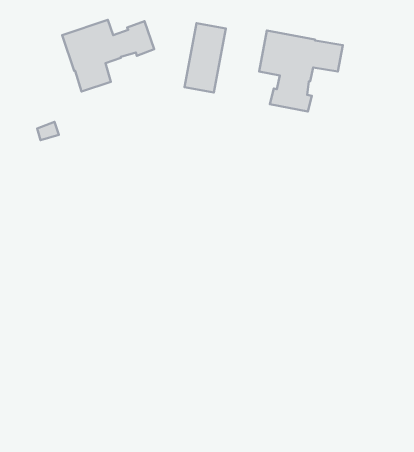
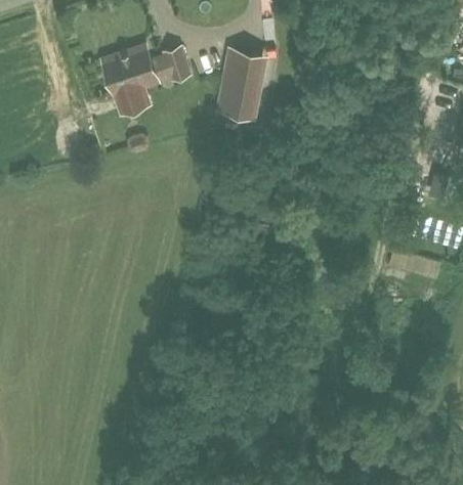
building: [259,31,343,111] -> none

